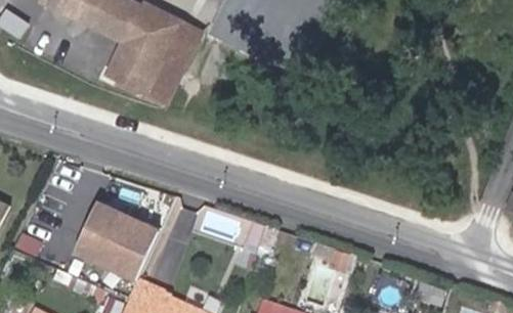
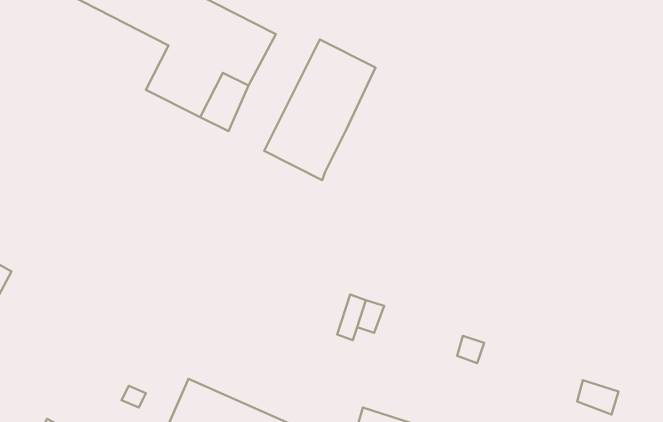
building: none -> [264,39,376,180]
building: [77,204,159,280] -> none

